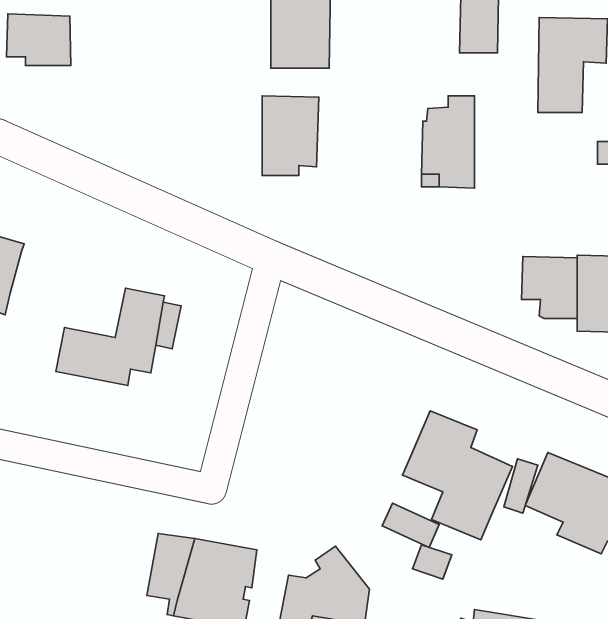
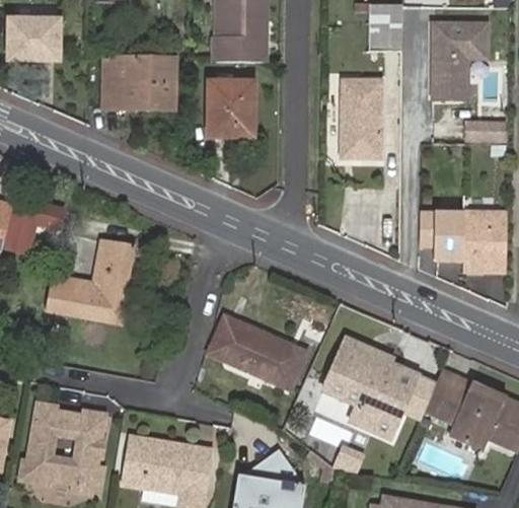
building: none -> [106,59,177,110]
building: none -> [9,196,70,249]
building: none -> [213,318,308,388]
building: none -> [16,400,100,482]

